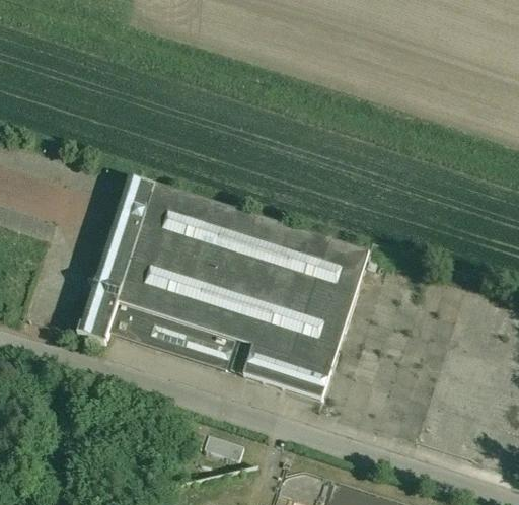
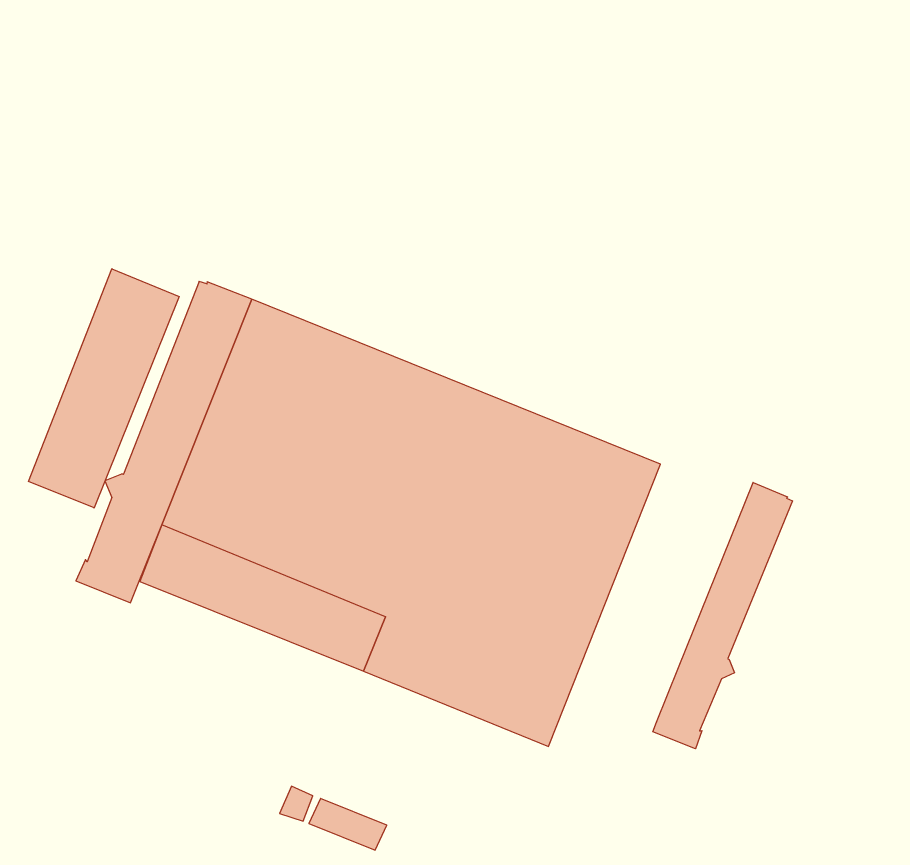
building: none -> [28,269,179,508]
building: none -> [653,482,792,749]

